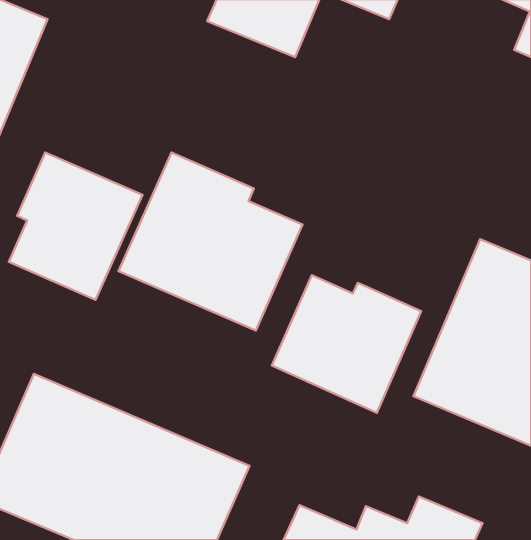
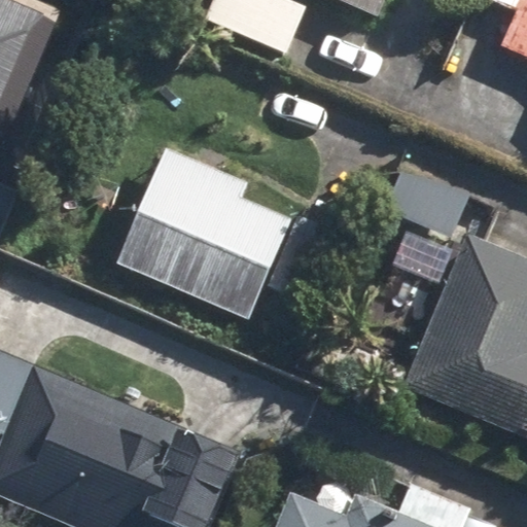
building: [9,152,143,300] -> none
building: [272,275,421,413] -> none

